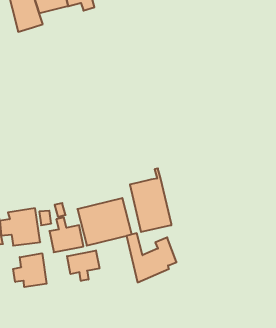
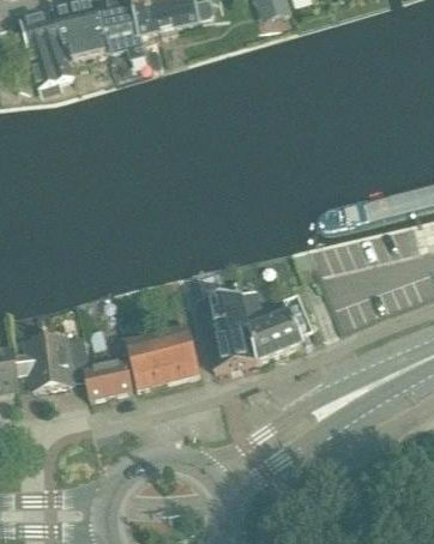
building: [127,233,177,282] -> [241,290,312,359]
building: [67,250,99,281] -> none
building: [13,253,47,287] -> none

